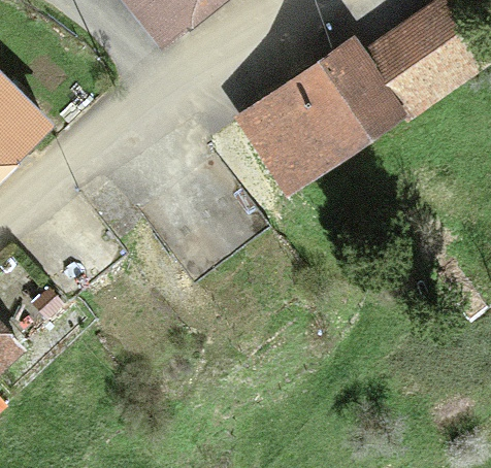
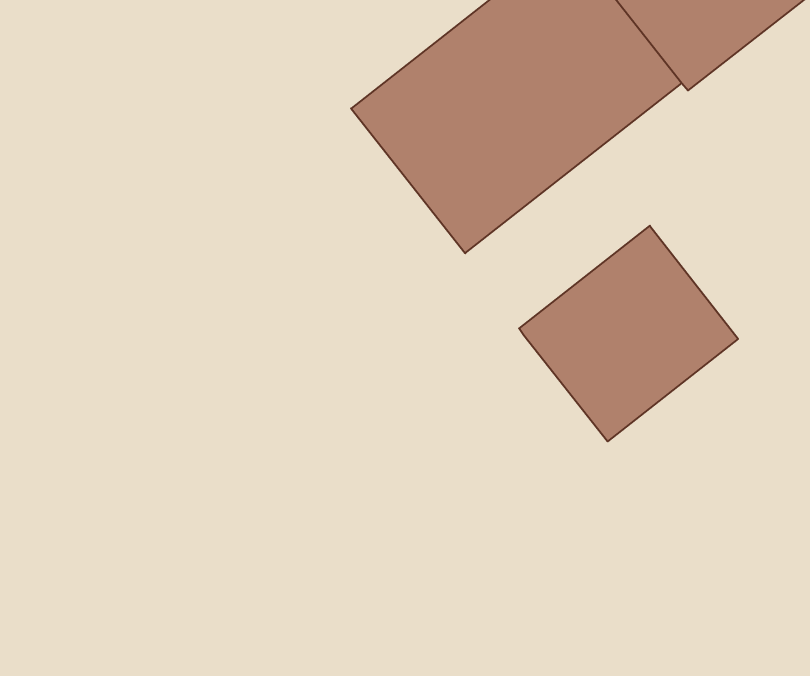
building: none -> [519,226,738,441]

